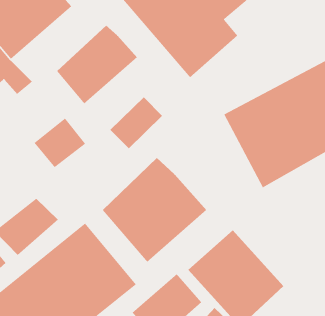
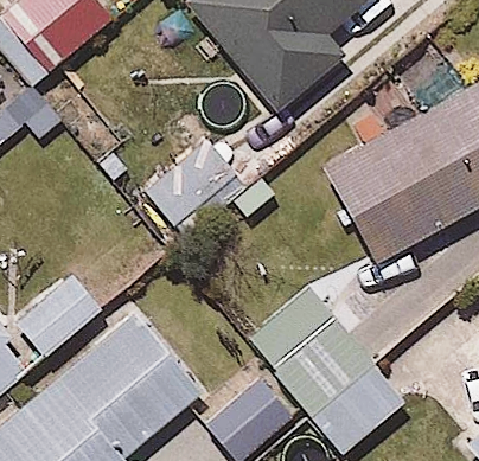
building: [56,25,138,105] -> none
building: [102,157,207,263] -> none

